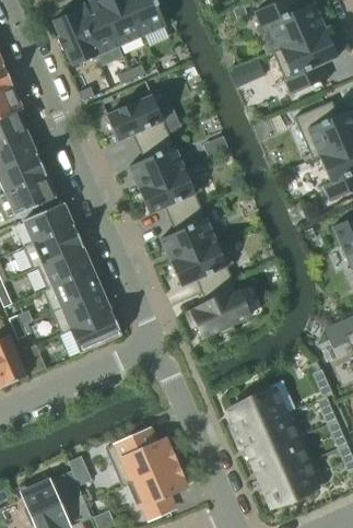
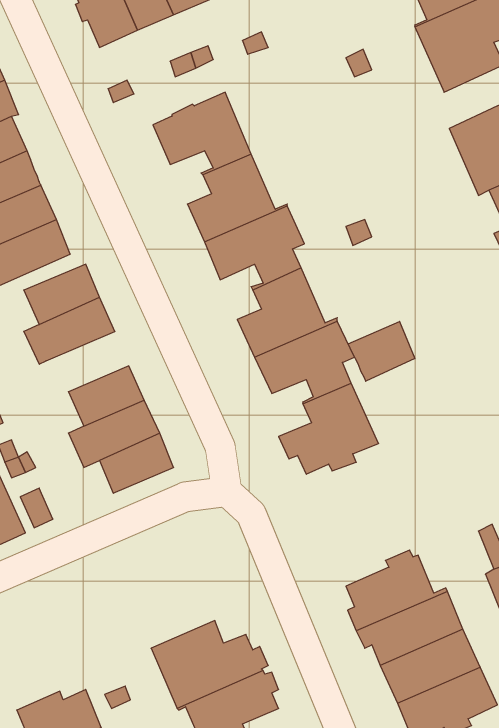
building: none -> [348,321,415,381]
building: [39,246,92,286] -> none

